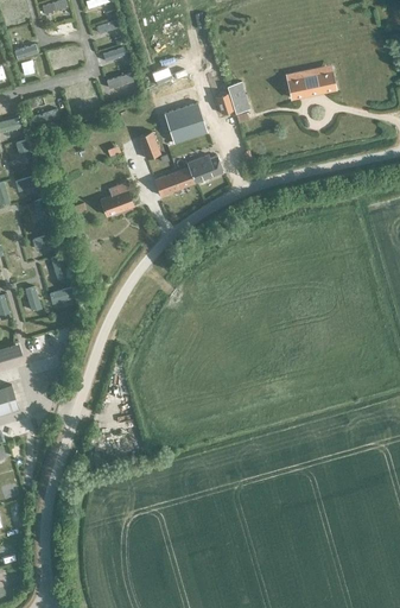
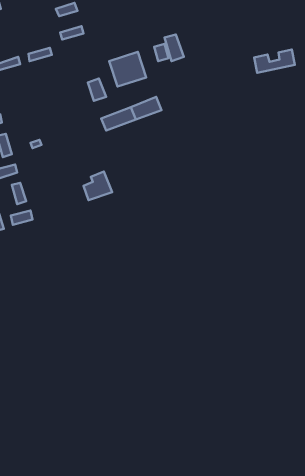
building: [287,70,335,97] -> [254,49,295,73]
building: [101,182,134,215] -> [84,172,112,200]

